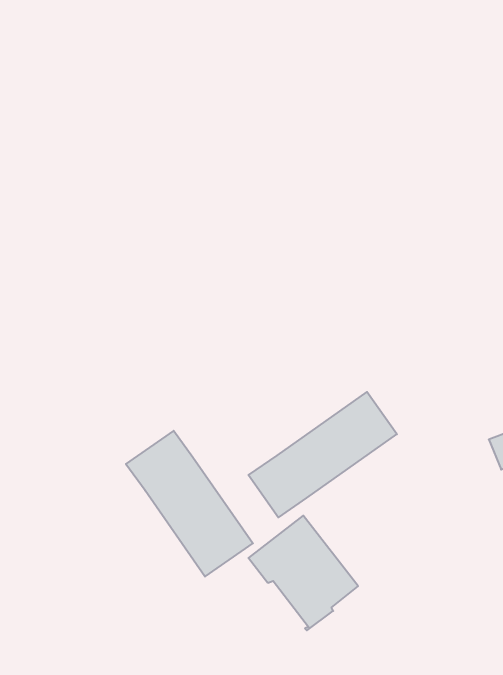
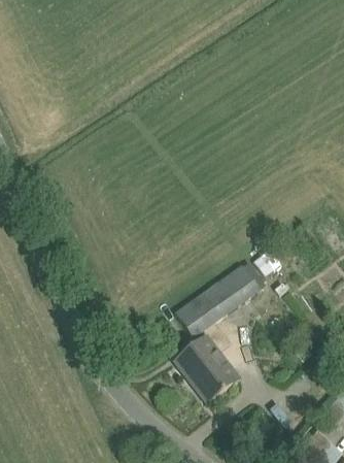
building: [126,431,253,577] -> none

